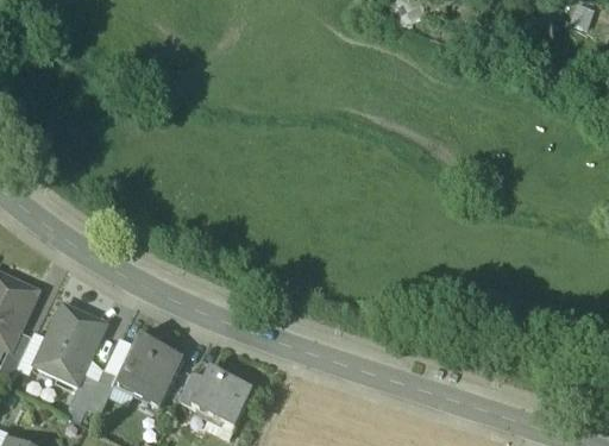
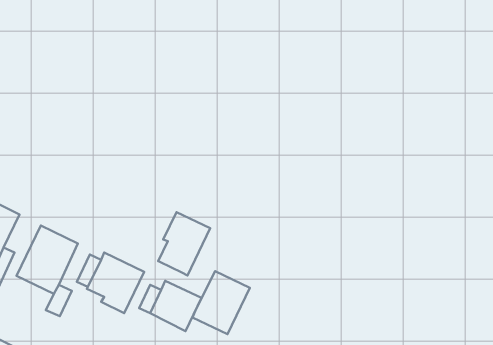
building: none -> [158,212,210,275]
building: none -> [193,271,250,334]

